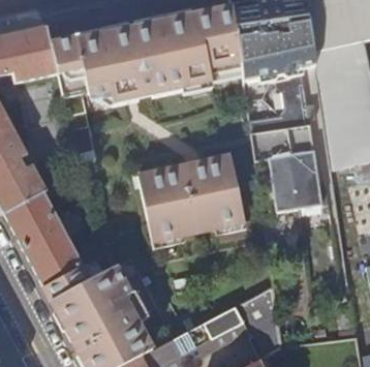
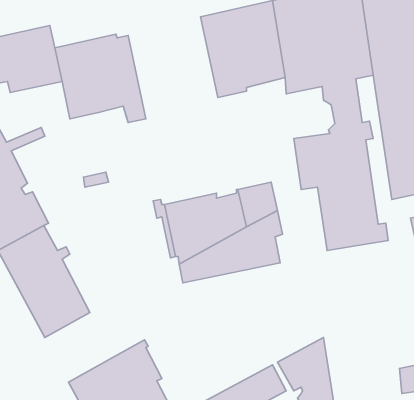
building: [112,18,186,102] -> none
building: [42,264,125,322] -> none

